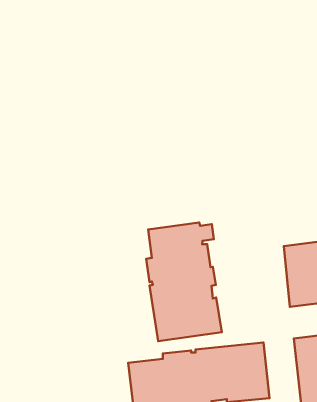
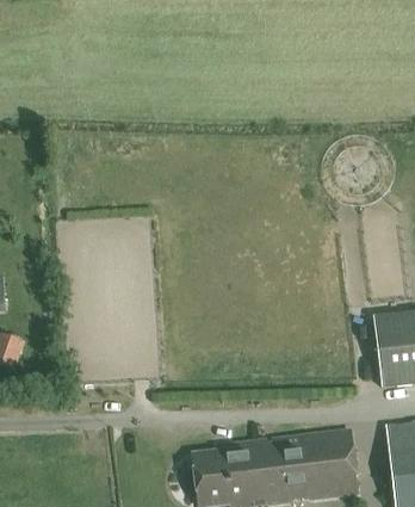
building: [146,223,222,341] -> none

